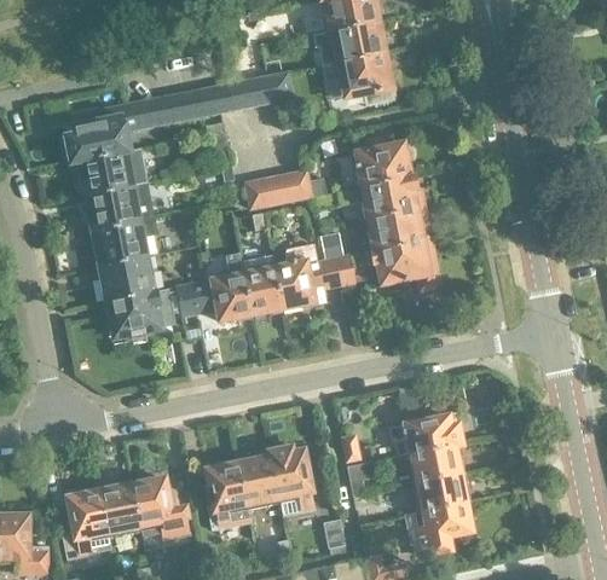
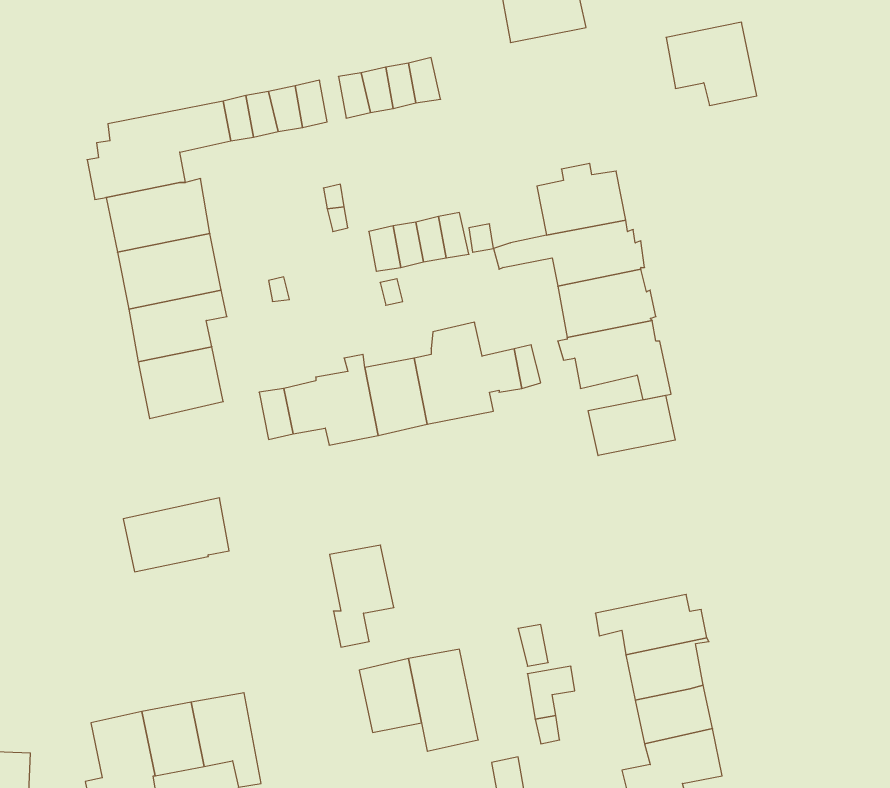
building: [337,52,395,105] -> [666,22,757,105]
building: none -> [588,395,675,456]
building: [106,289,174,336] -> [123,498,229,572]
building: [208,463,249,528] -> [330,545,394,647]

